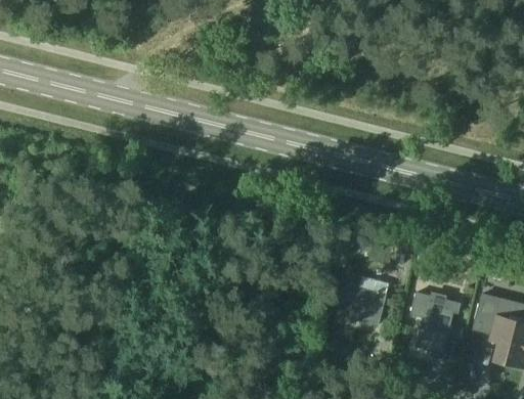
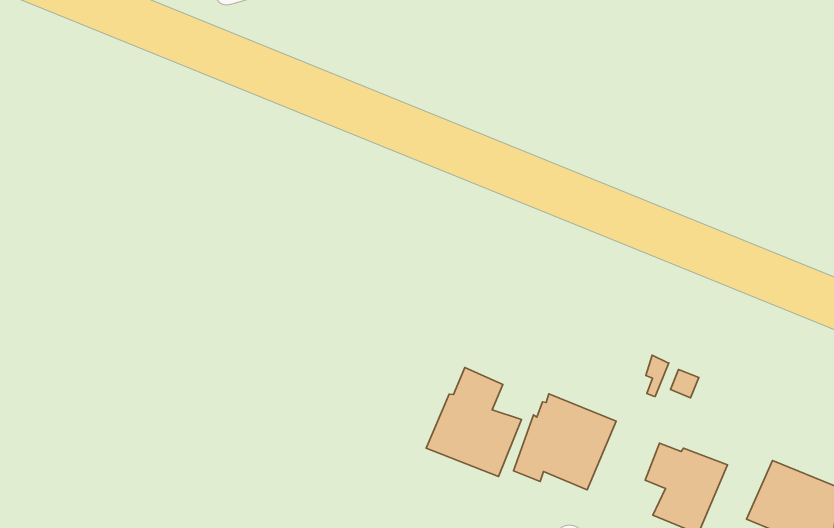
building: none -> [426,368,521,476]

